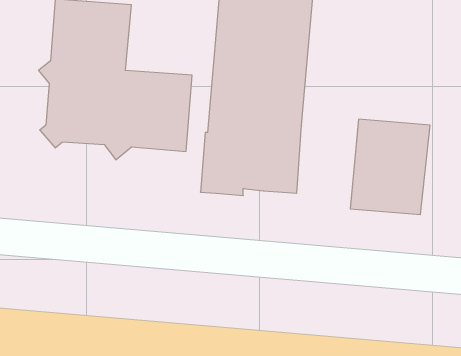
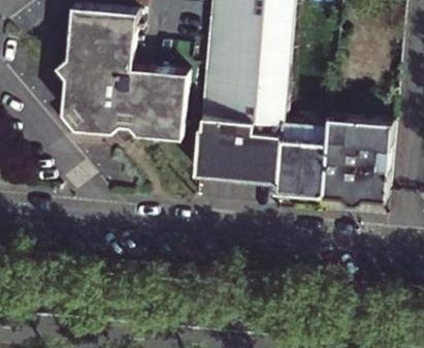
building: none -> [279,121,332,193]

